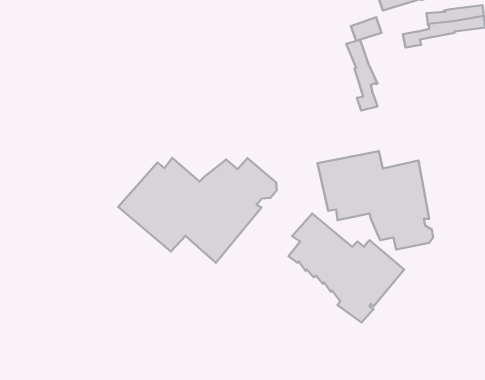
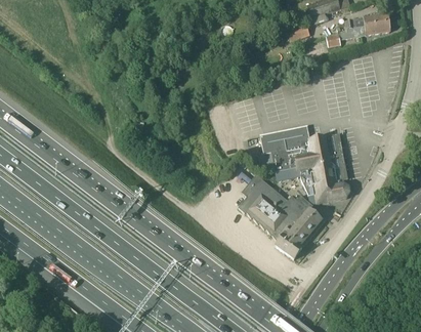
building: [346,40,378,110] -> none
building: [118,158,277,263] -> none

